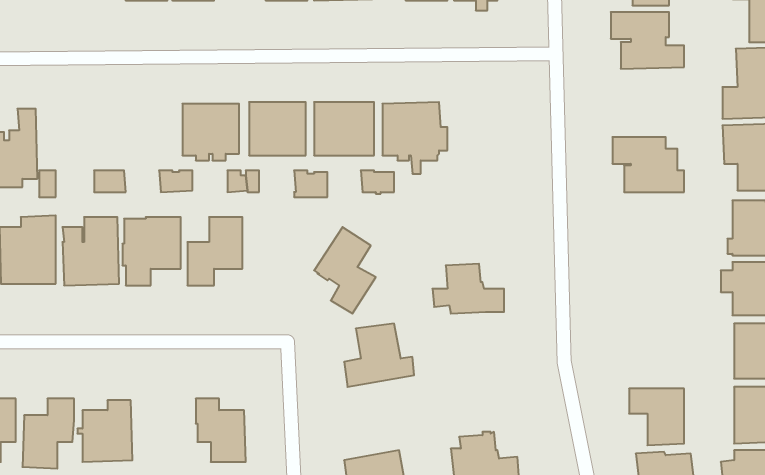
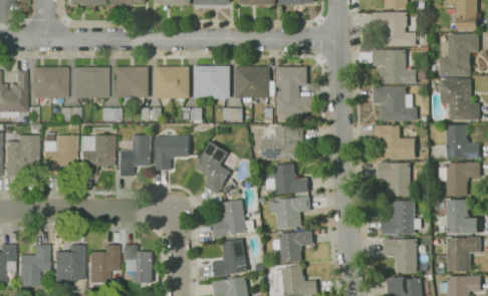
building: none -> [373,49,417,83]
building: none -> [33,67,67,98]
building: none -> [74,67,107,101]
building: none -> [276,67,315,116]
building: none -> [262,124,303,159]
building: none -> [374,125,416,159]
building: none -> [156,136,189,170]
building: none -> [377,163,410,196]
building: none -> [268,197,310,229]
building: none -> [382,201,421,235]
building: none -> [272,231,314,263]
building: none -> [212,239,247,277]
building: none -> [85,246,118,282]

